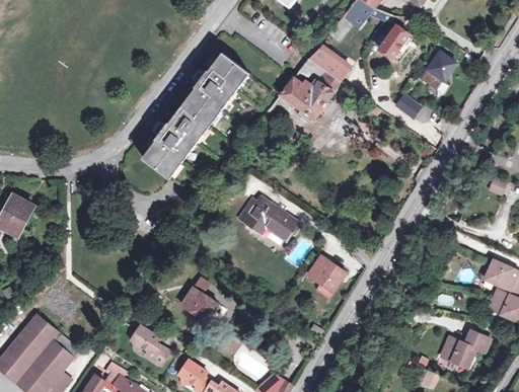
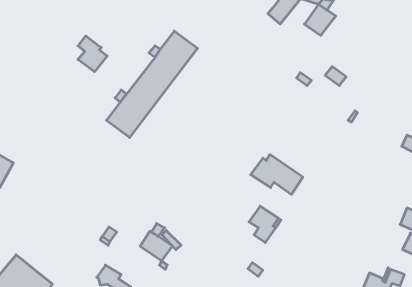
building: [280,46,351,121] -> none
building: [422,51,457,89] -> none
building: none -> [78,36,107,72]
building: [238,194,299,241] -> [251,155,303,194]

